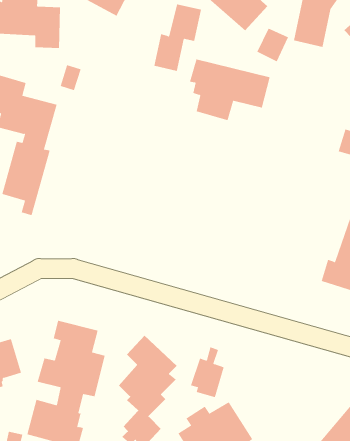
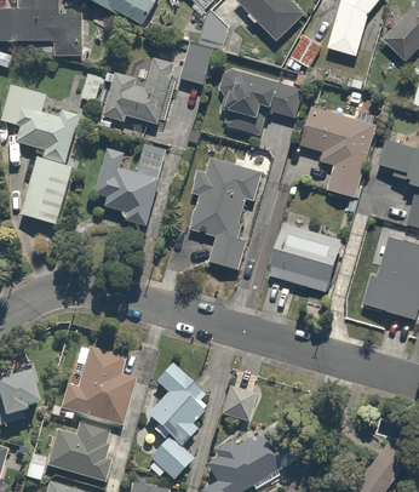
building: none -> [105,59,172,124]
building: none -> [302,110,377,198]
building: none -> [94,139,170,227]
building: none -> [186,158,263,271]
building: none -> [271,224,341,290]

